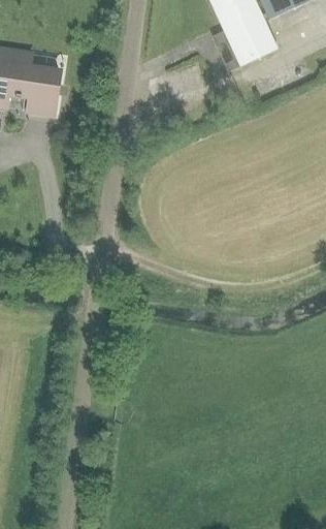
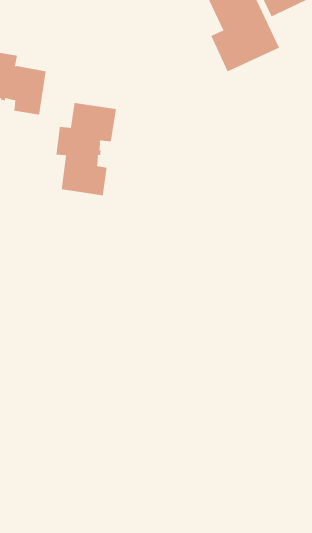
building: none -> [56,102,116,196]

